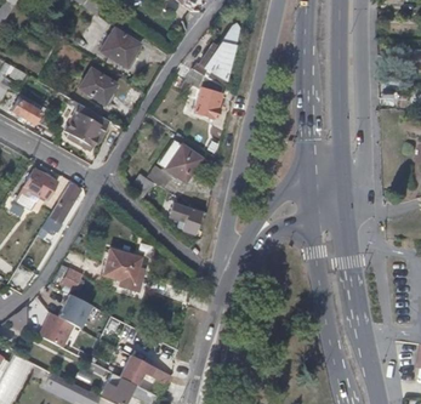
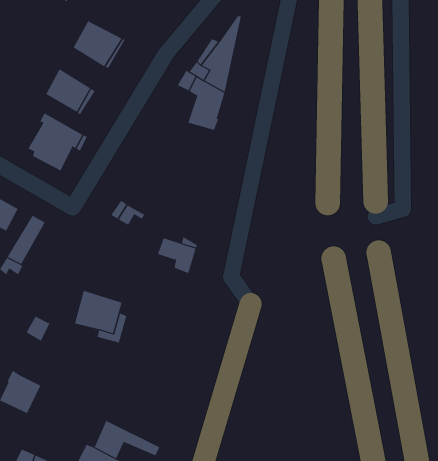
building: [152,132,203,186] -> none
building: [57,292,90,325] -> none

